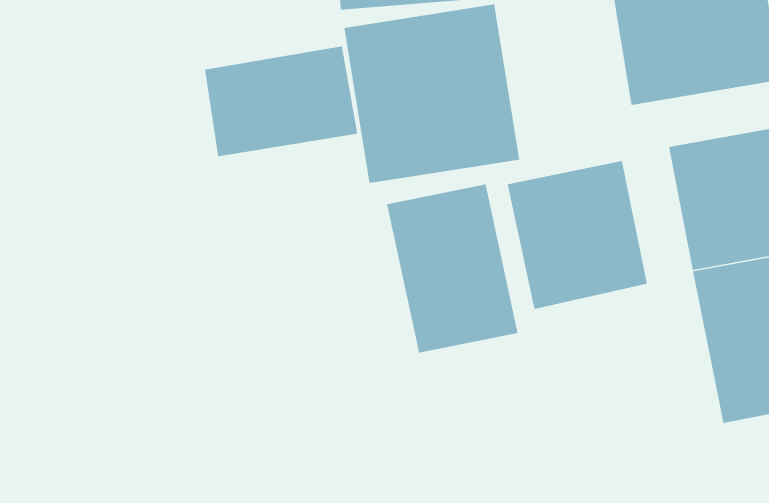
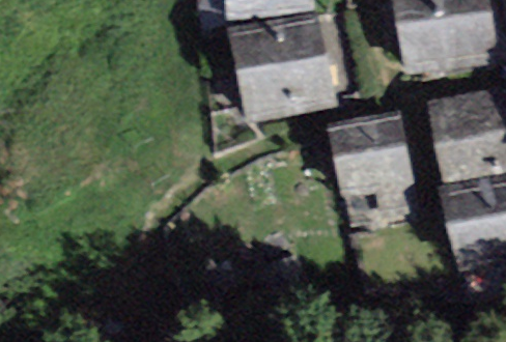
building: [204,46,358,157] -> none
building: [386,184,518,354] -> none

